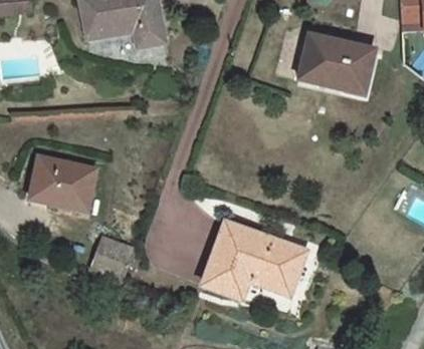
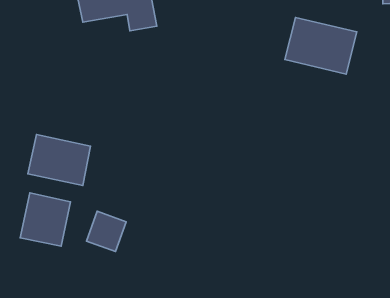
building: none -> [20,193,70,246]
building: [203,223,305,299] -> none

